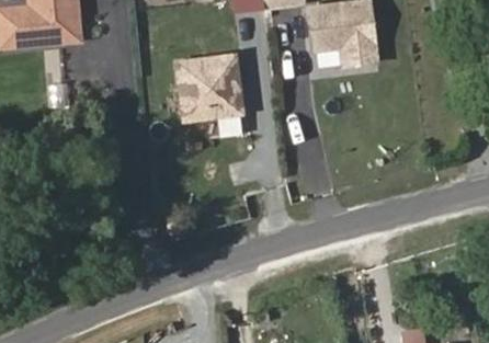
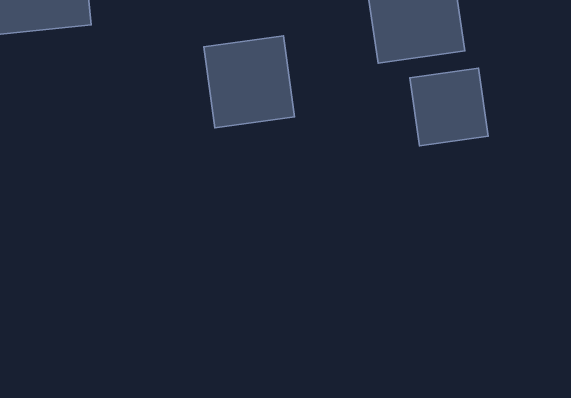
building: none -> [410,68,488,146]

